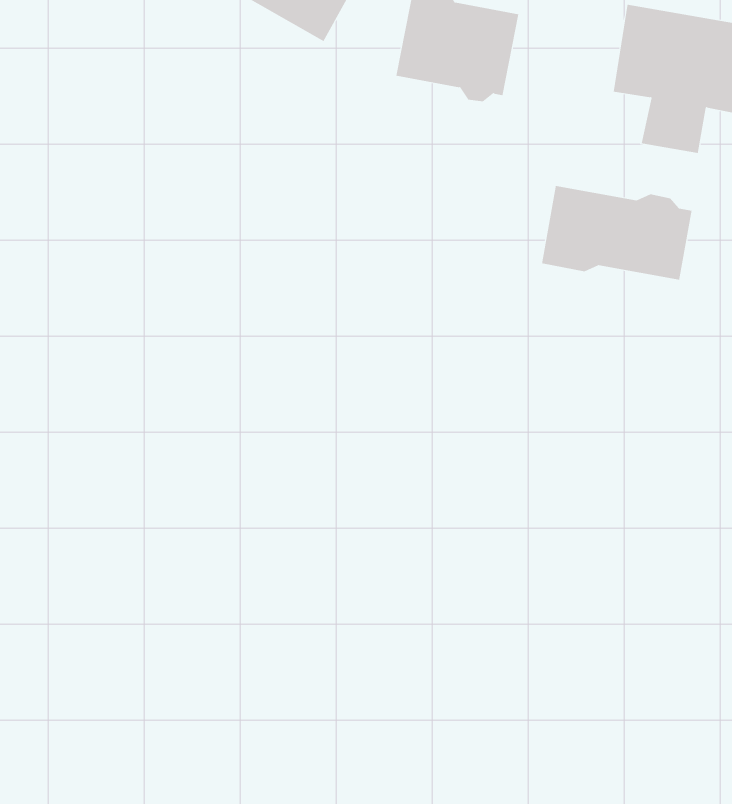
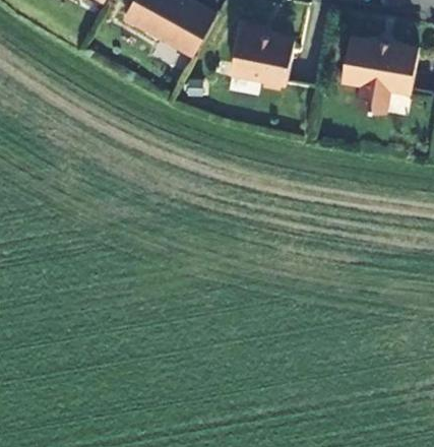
building: [541,185,692,280] -> none

